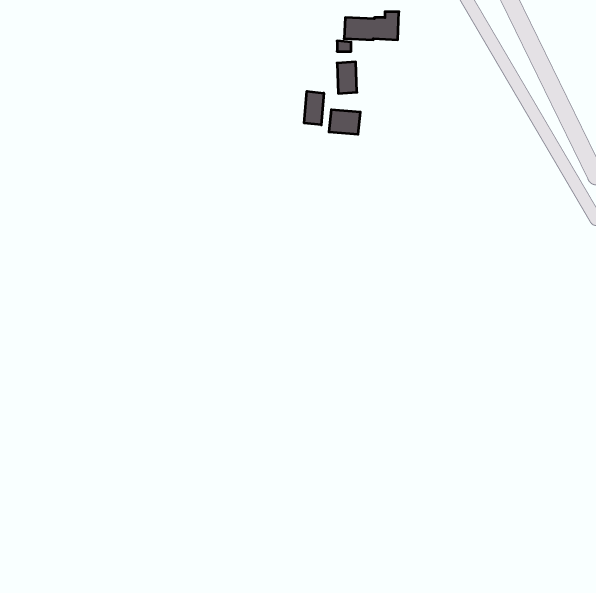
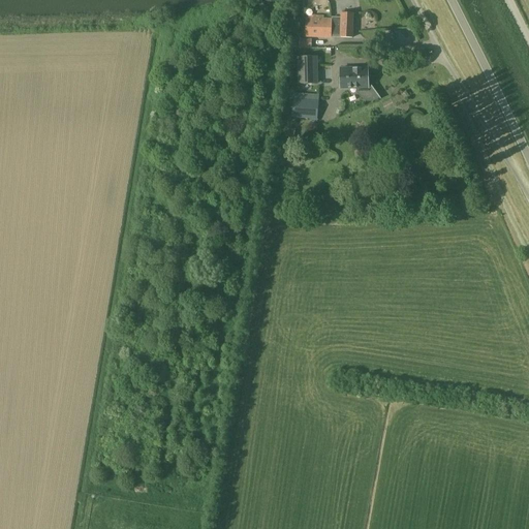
building: none -> [340,66,380,97]
building: [304,91,324,125] -> none

